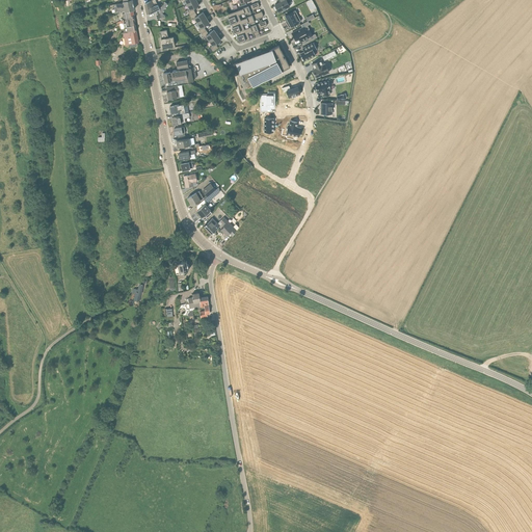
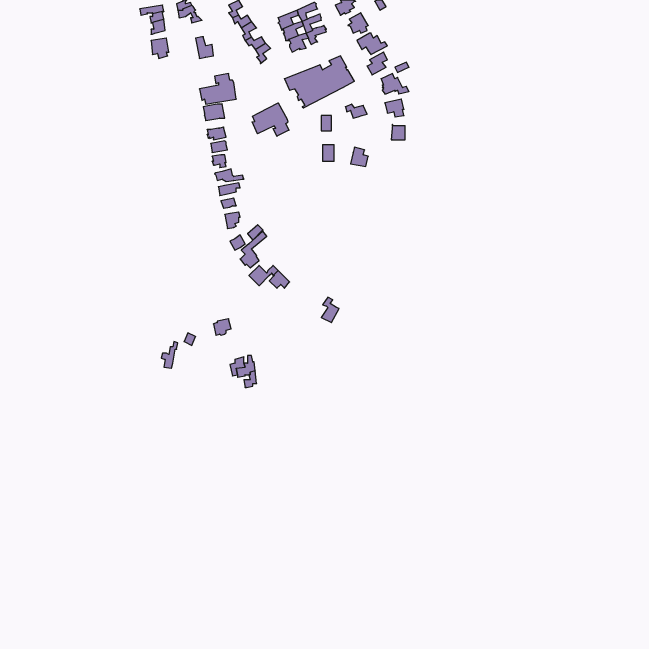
building: none -> [252,103,289,136]

